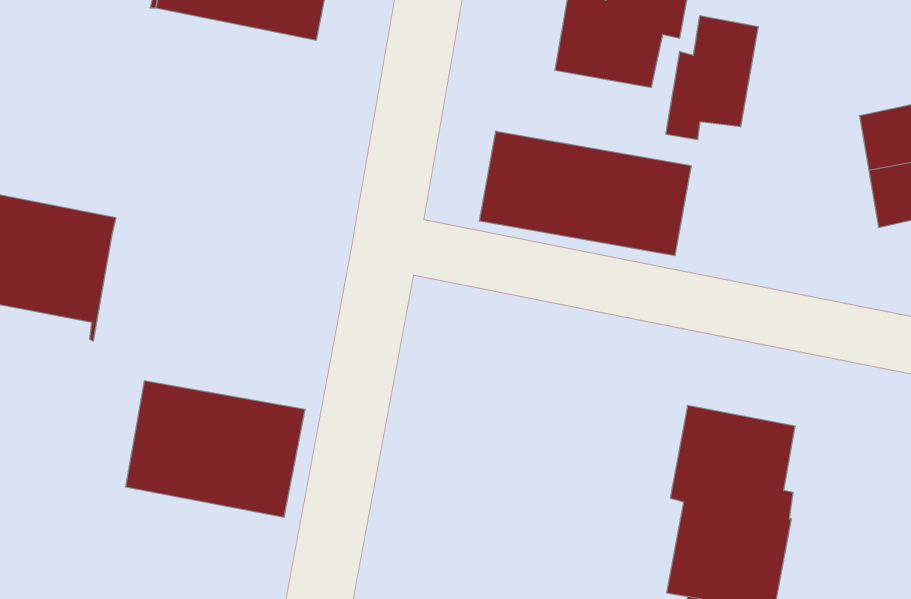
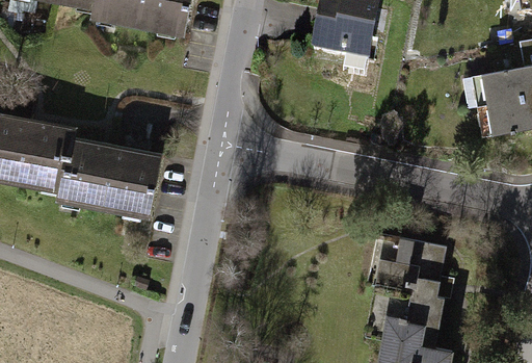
building: [666,16,758,140] -> none
building: [480,131,691,256] -> none
building: [125,381,305,517] -> [60,140,159,215]

